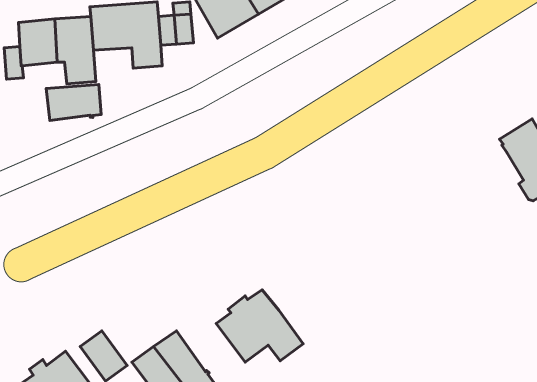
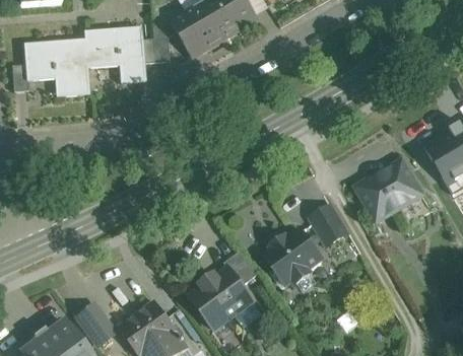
building: [46,85,101,121] -> none
building: none -> [356,160,423,222]
building: none -> [310,205,347,245]
building: none -> [264,229,322,285]
building: none -> [224,252,258,286]

